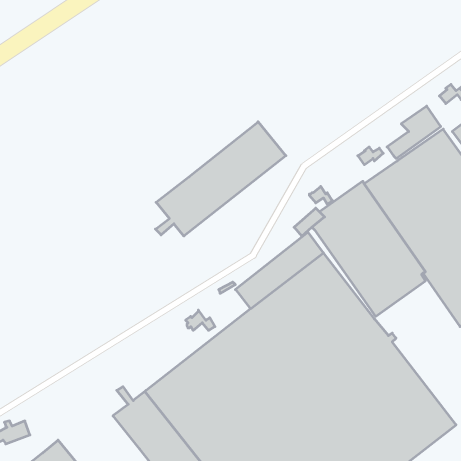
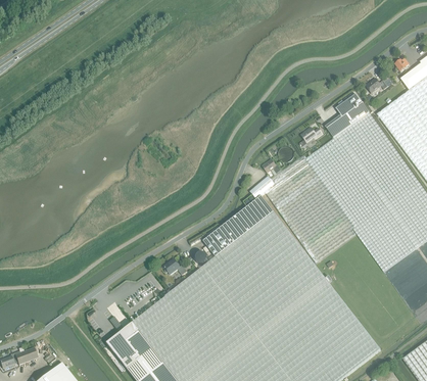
building: [155,122,286,236] -> none

